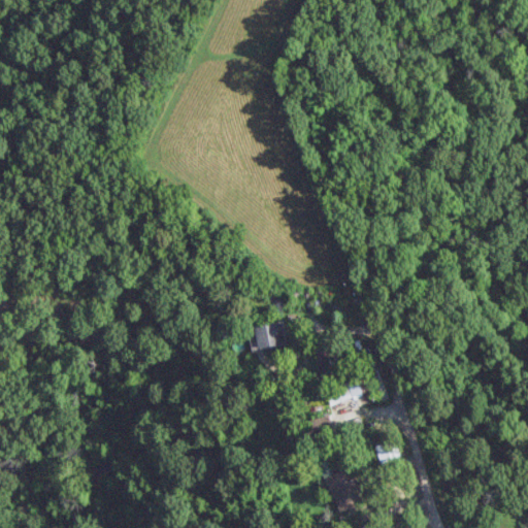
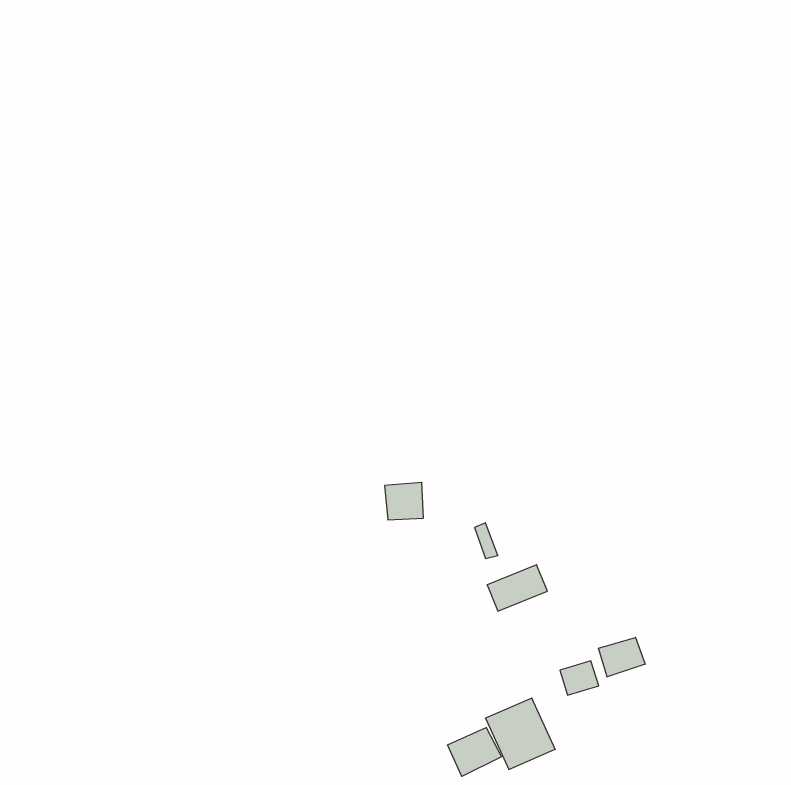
building: none -> [599,637,645,677]
building: none -> [447,728,501,776]

